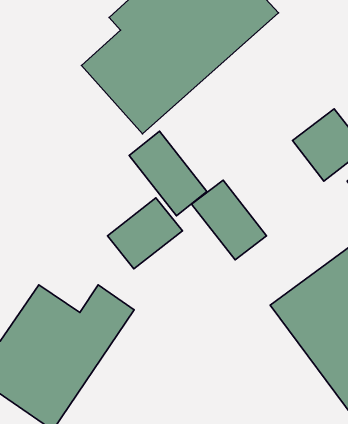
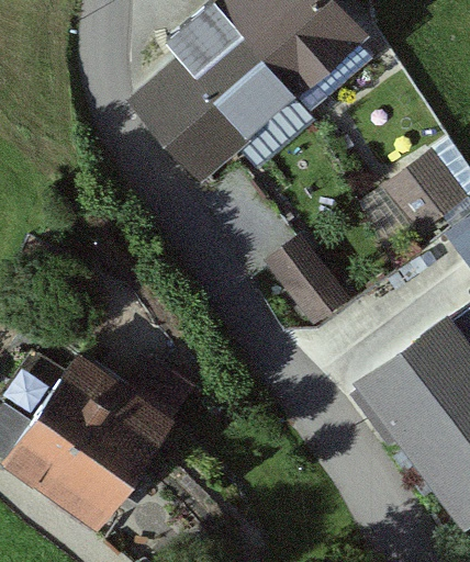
building: [129,131,207,216] -> none
building: [107,198,182,269] -> none

